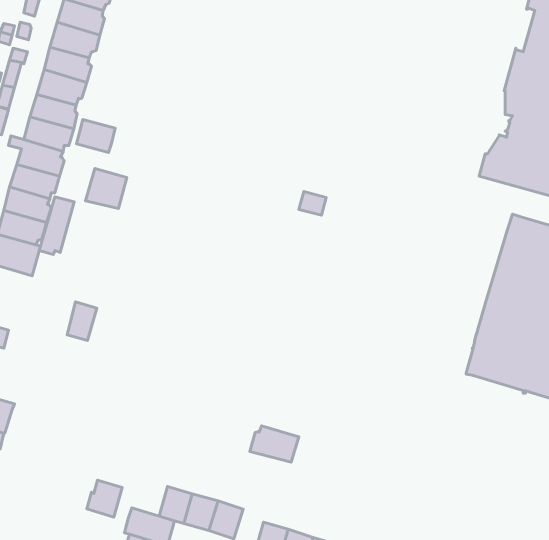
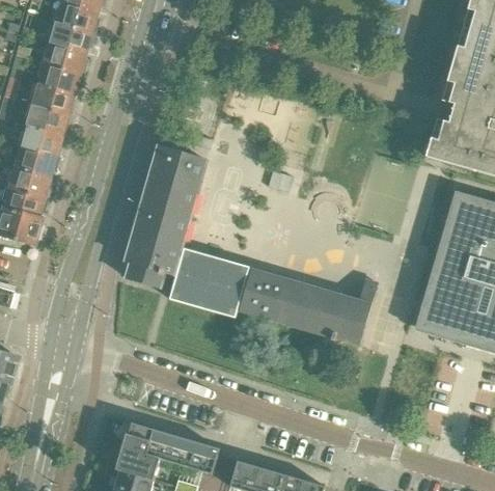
building: [76,119,115,153] -> none
building: none -> [126,146,377,345]
building: [85,169,127,209] -> none
building: [39,197,74,254] -> none
building: [67,302,97,340] -> none
building: [250,426,299,462] -> none
building: [87,480,122,517] -> [121,422,153,455]

